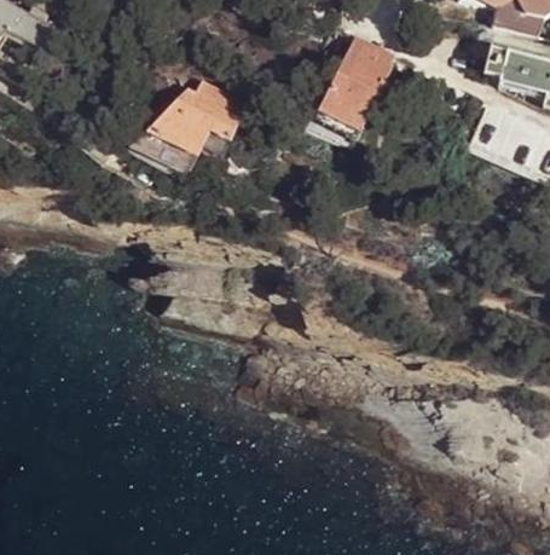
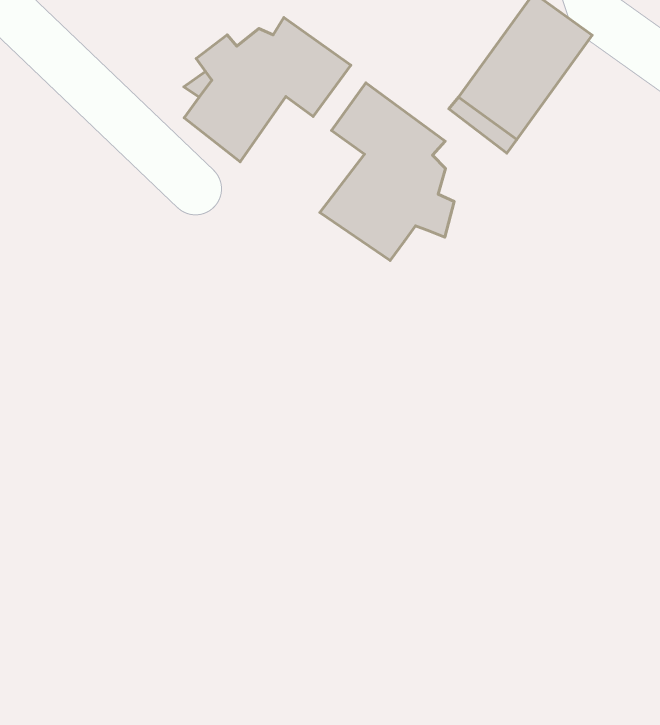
building: none -> [320,83,454,261]

